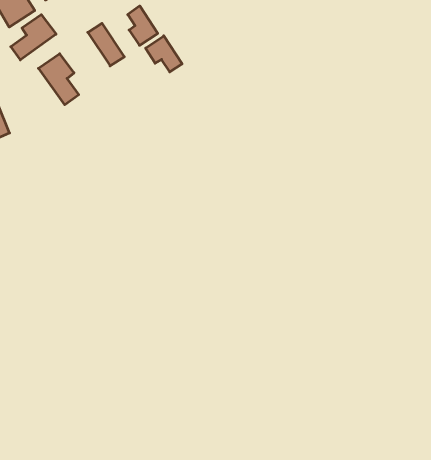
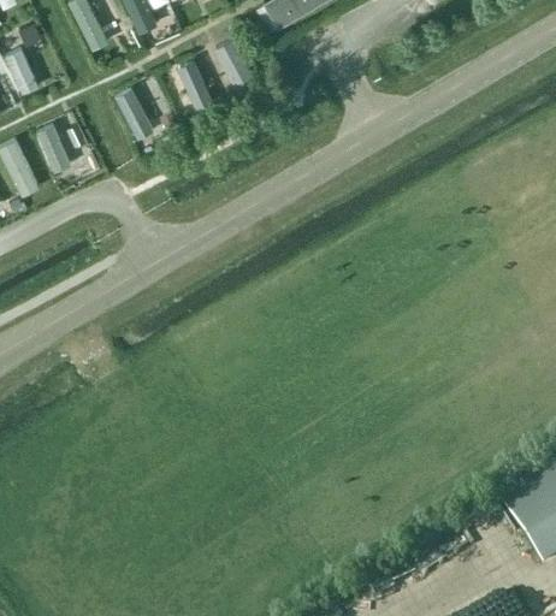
building: [11,15,56,60] -> none
building: [146,36,182,72] -> none

